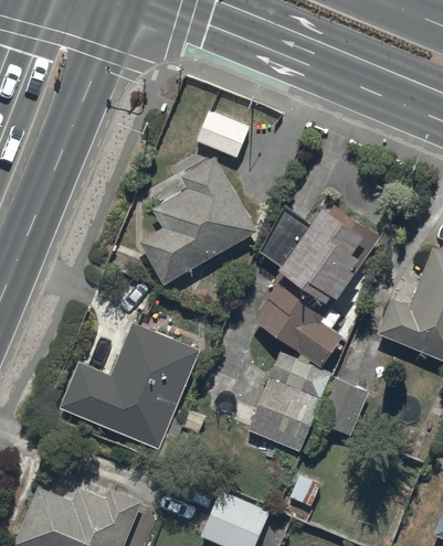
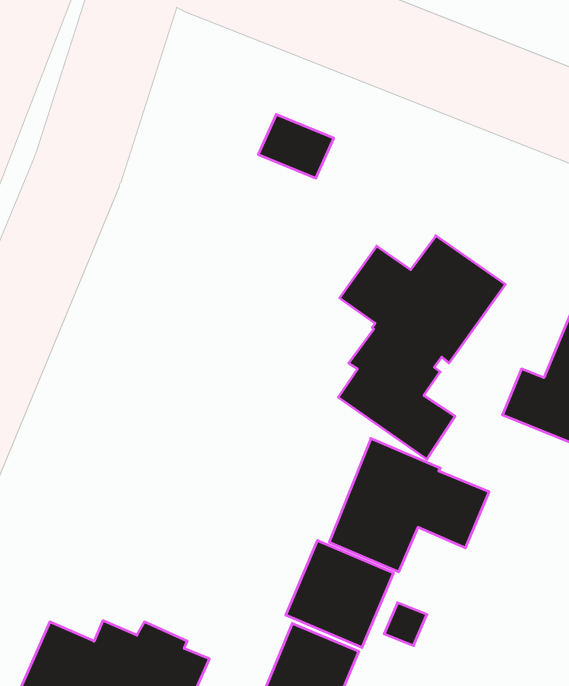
building: [139,156,257,283] -> none
building: [59,323,200,449] -> none
building: none -> [286,540,393,648]

